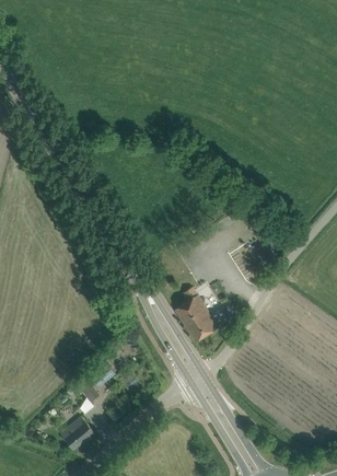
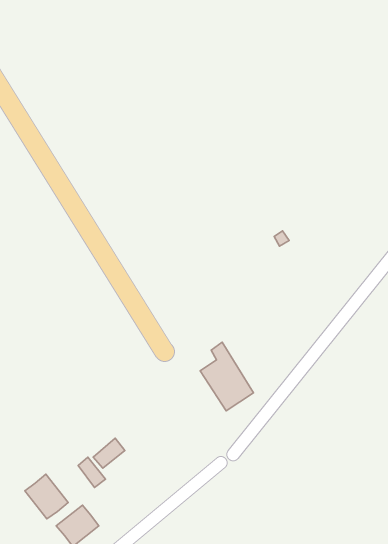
building: none -> [25,474,68,519]

